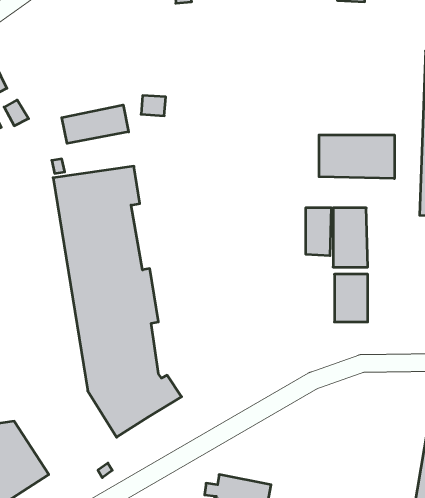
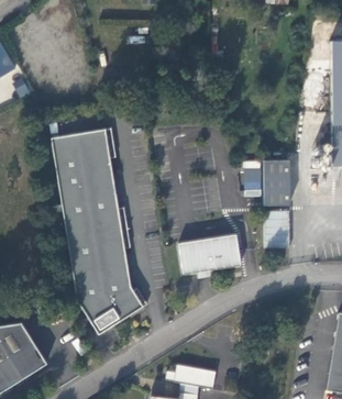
building: [62,105,129,143] -> none
building: [319,135,394,179] -> none
building: none -> [178,234,241,274]

